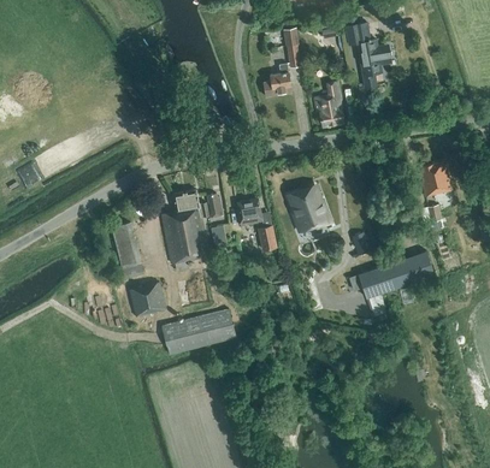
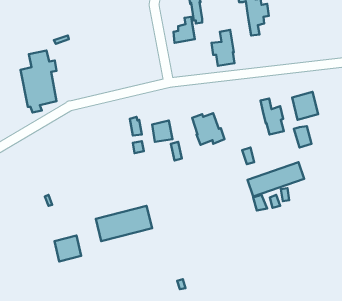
building: none -> [260,99,284,135]
building: [161,189,208,269] -> [20,50,57,112]
building: [111,221,143,278] -> none
building: [130,282,165,315] -> [54,236,81,261]

